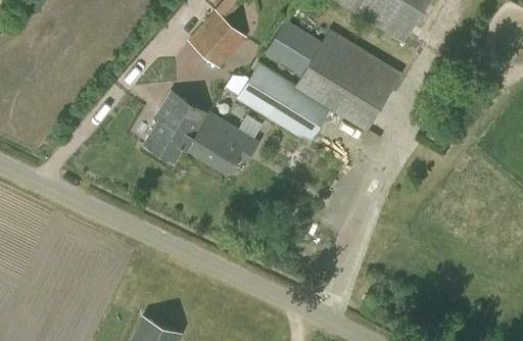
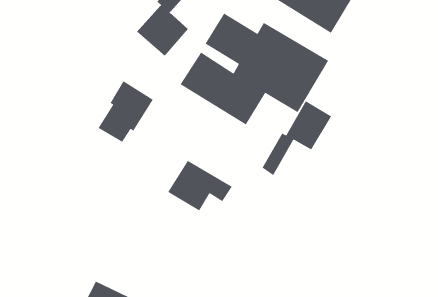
building: [185,114,257,172] -> [167,160,233,212]
building: none -> [262,100,332,176]

